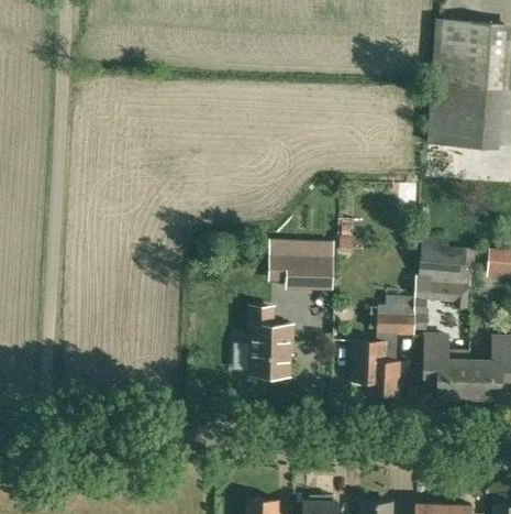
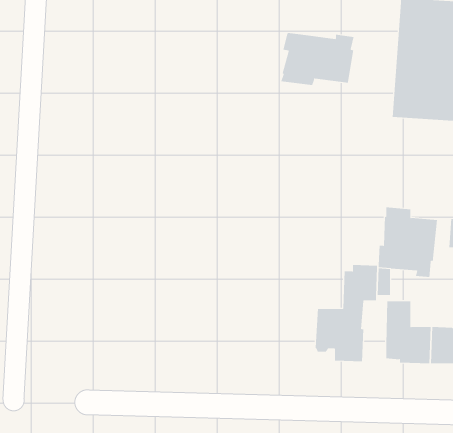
building: none -> [281,32,354,86]
building: [269,253,335,291] -> none
building: [235,305,292,375] -> none

